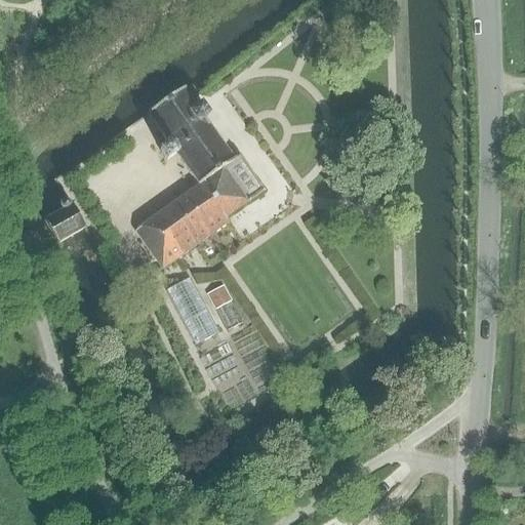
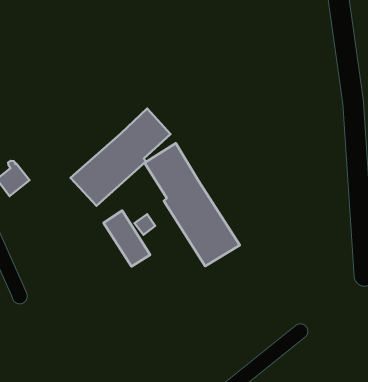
building: [148,87,234,184] -> none
building: none -> [145,143,240,266]

